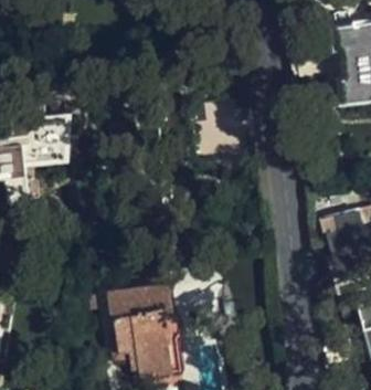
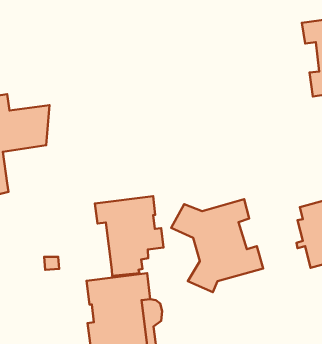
building: none -> [95,196,164,276]
building: none -> [171,199,263,292]

